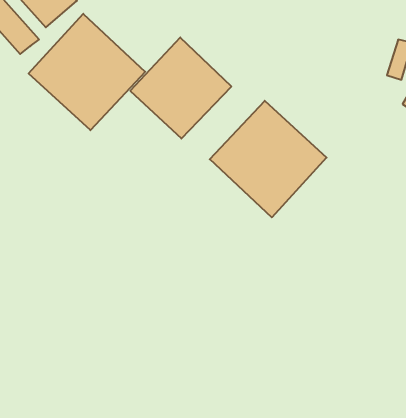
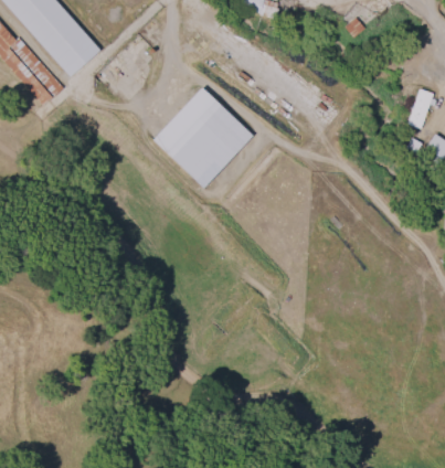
building: [29,14,145,130] -> none
building: [210,101,327,217] -> none

